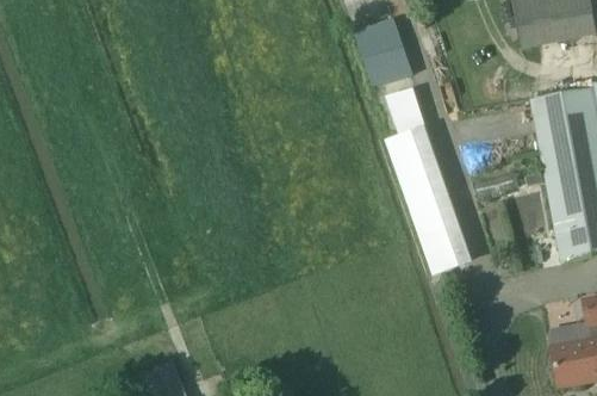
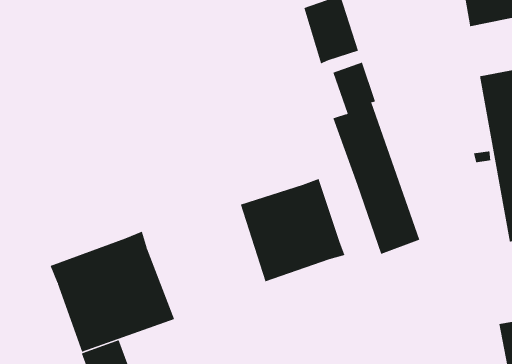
building: none -> [240,178,345,282]
building: none -> [50,231,175,353]

